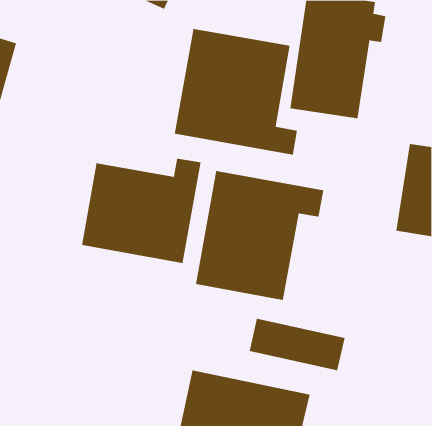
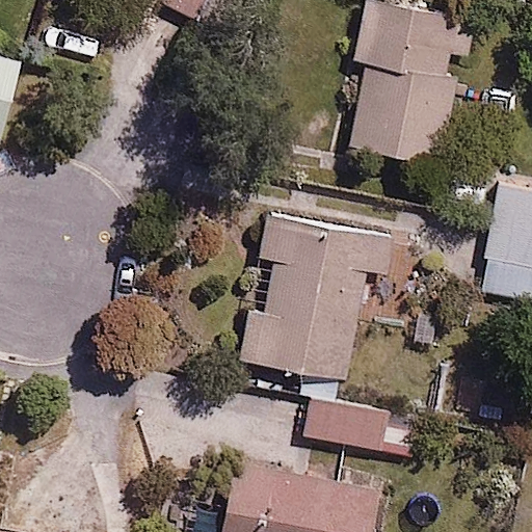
building: [174,28,298,155] -> none
building: [82,158,201,264] -> none

